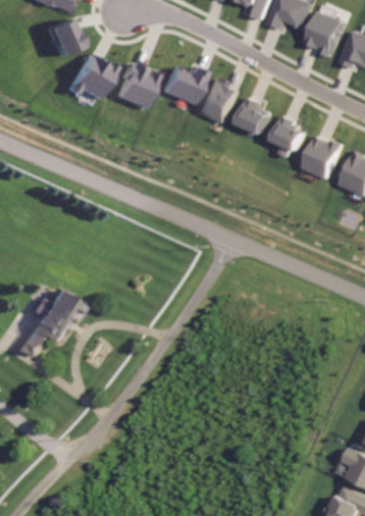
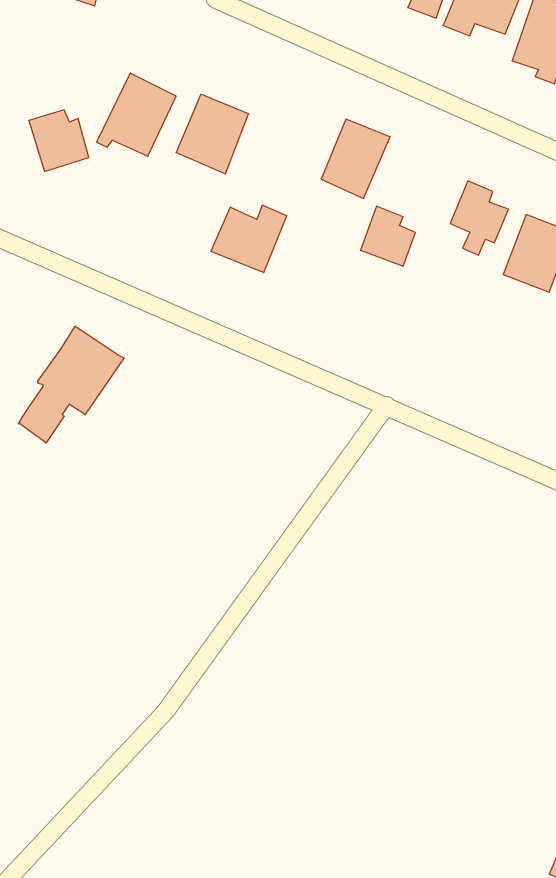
building: [46,20,81,56] -> [29,110,89,172]
building: [159,65,203,104] -> [211,205,287,272]
building: [237,97,268,132] -> [361,206,415,266]
building: [21,290,83,357] -> [18,326,124,443]

